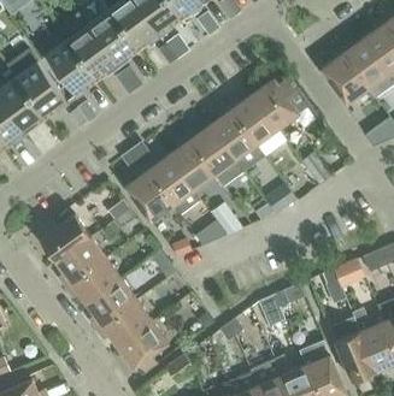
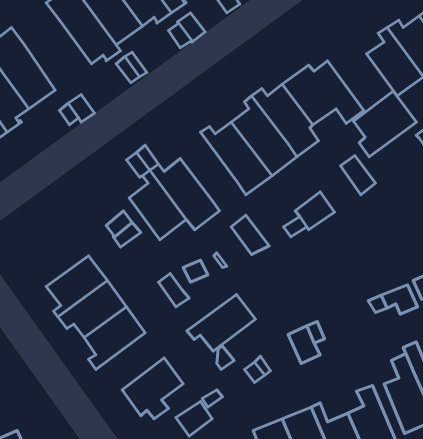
building: [46,41,95,93] -> none
building: none -> [354,91,416,157]
building: [169,134,216,190] -> none
building: [41,214,93,261] -> none
building: [99,300,155,347] -> [187,294,255,351]

